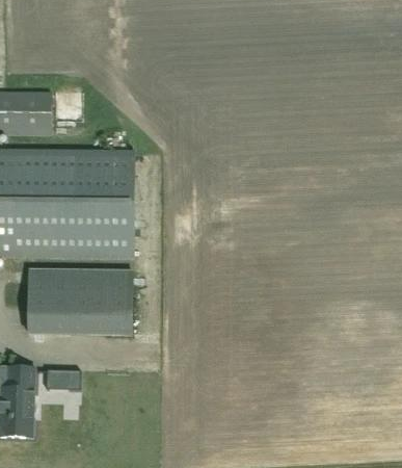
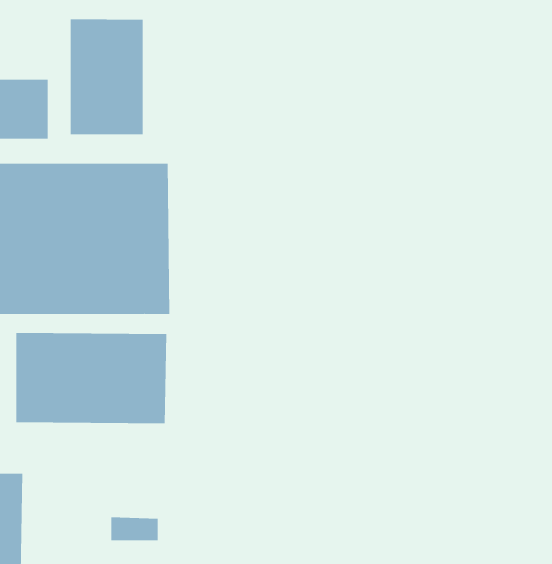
building: none -> [70,18,143,135]
building: [48,370,81,387] -> [110,517,158,541]

